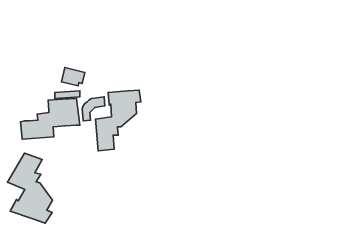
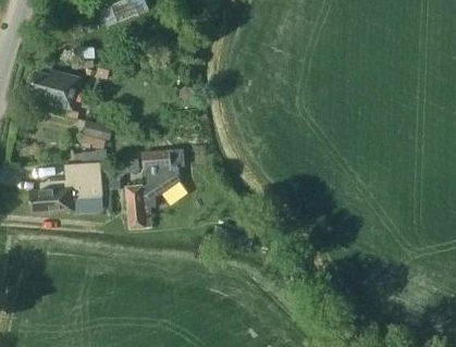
building: none -> [28,71,79,110]
building: [7,153,52,223] -> none

